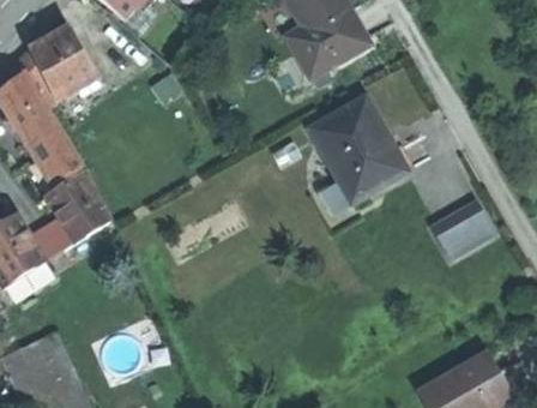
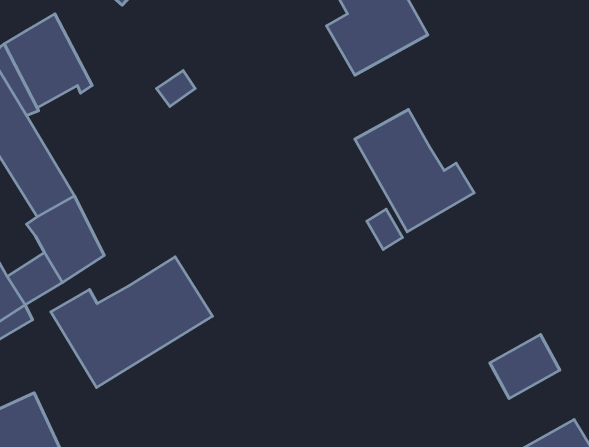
building: [433,203,489,254] -> [490,334,560,399]
building: none -> [51,257,212,388]

